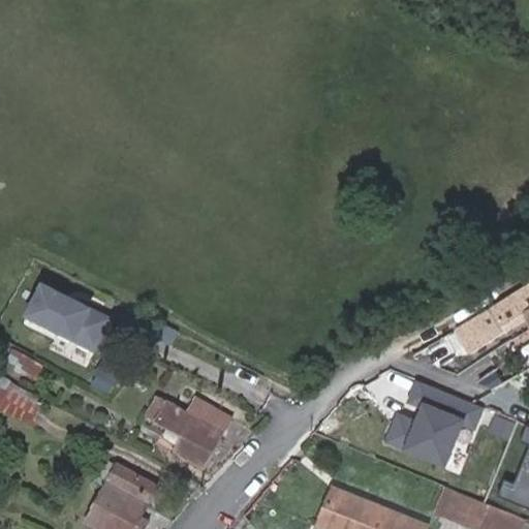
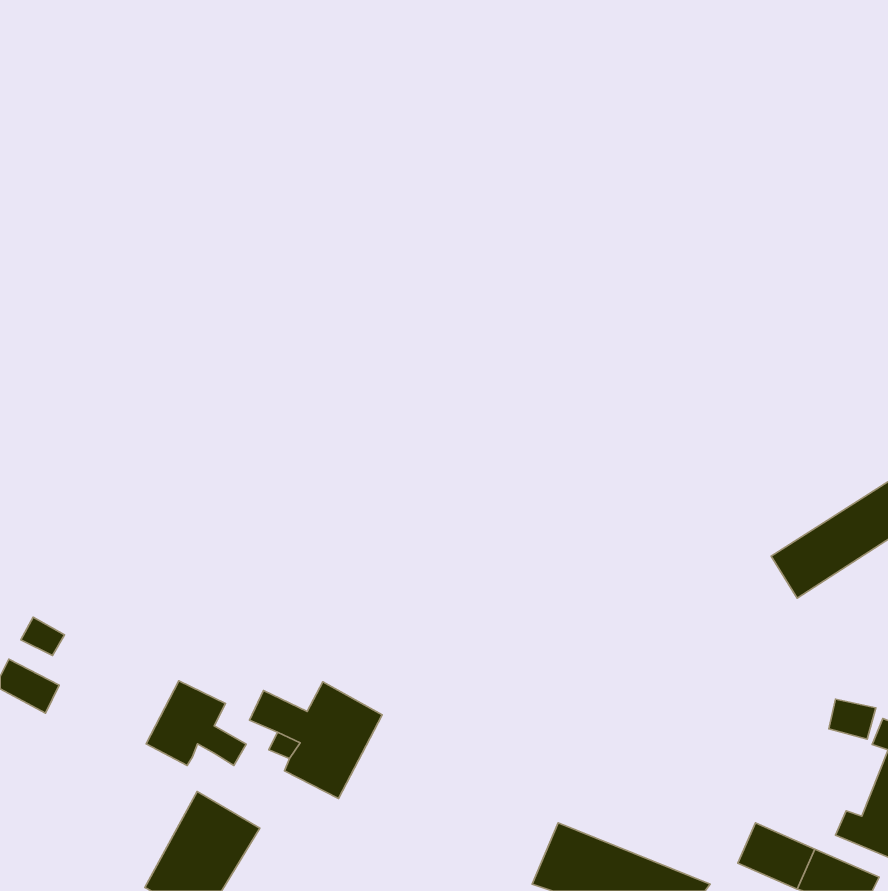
building: [27,279,110,344] -> none
building: [382,380,481,466] -> none
building: none -> [146,681,246,765]

